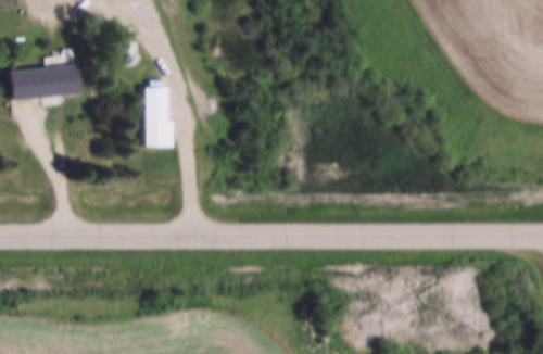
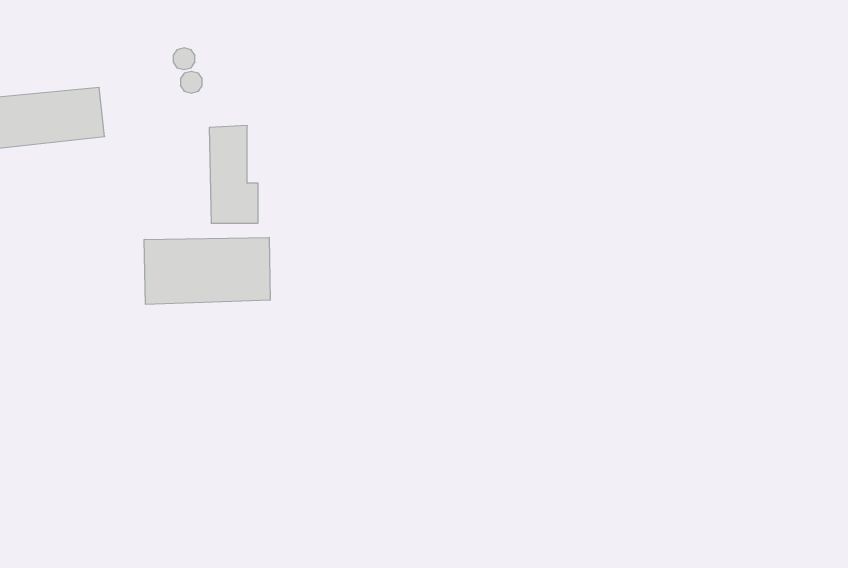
building: none -> [144,237,270,304]

